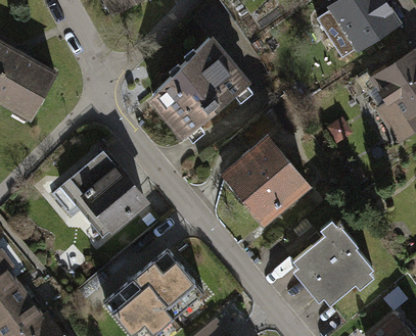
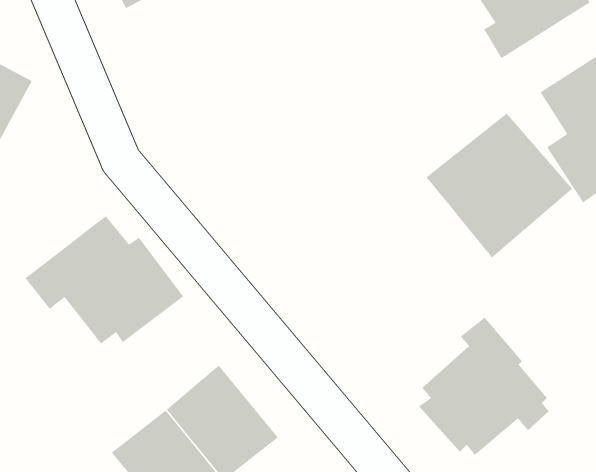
building: [149,35,253,136] -> none
building: [219,133,310,223] -> [425,112,573,259]

